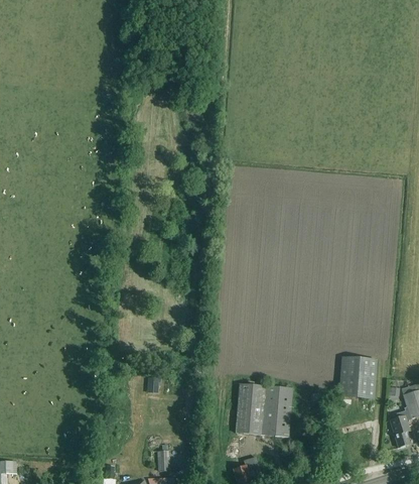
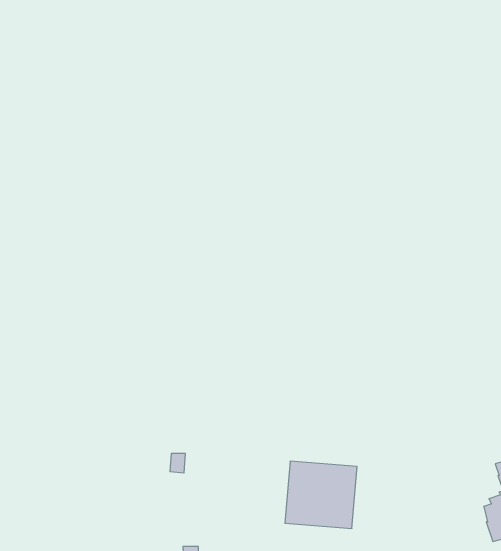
building: [337,357,376,399] -> none

